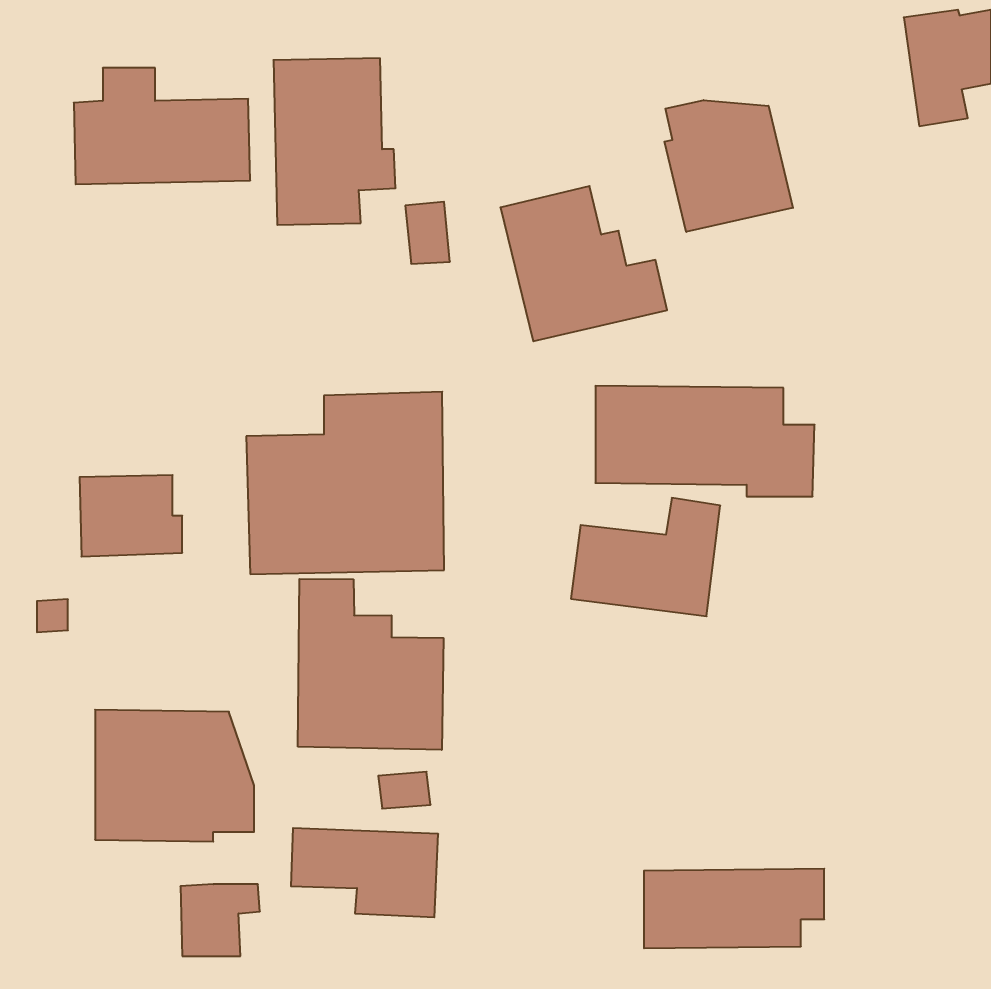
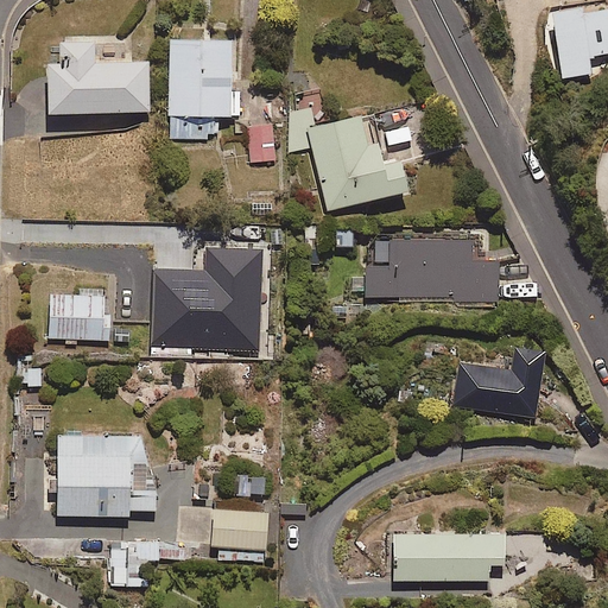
building: [664,100,793,232] -> none
building: [571,498,720,616] -> [454,346,545,418]
building: [298,579,443,750] -> none

